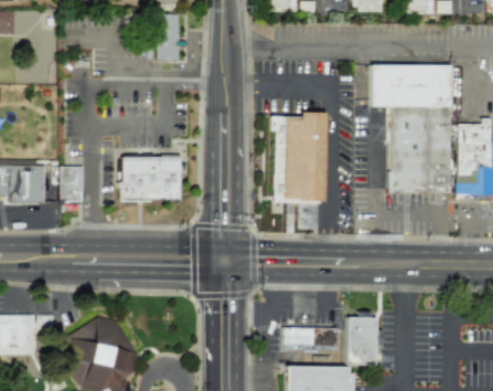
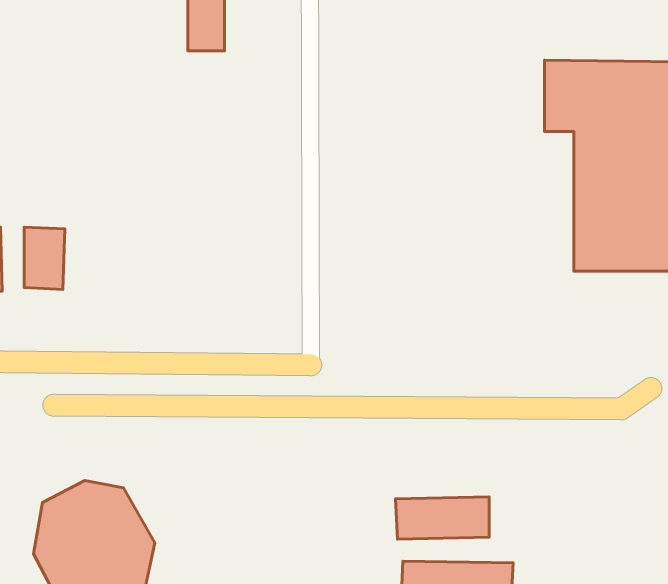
building: [272,117,324,203] -> none
building: [124,157,180,198] -> none
building: [346,311,383,364] -> none

